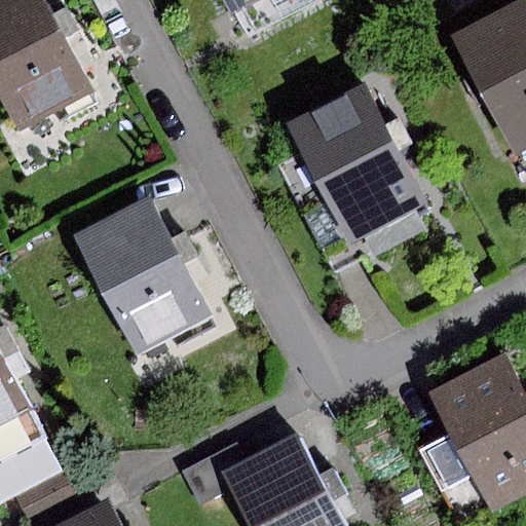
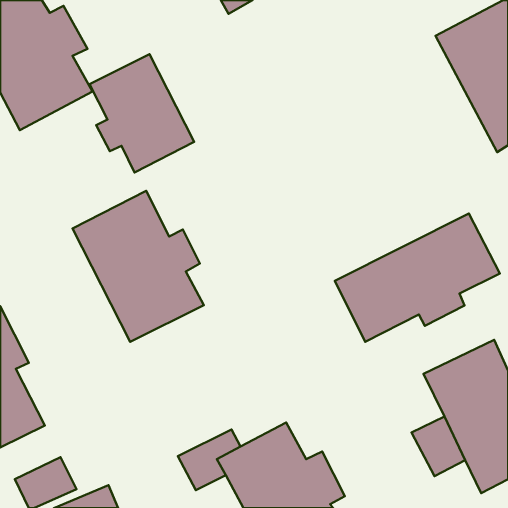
building: none -> [89,54,194,172]
building: [281,86,427,260] -> none
building: none -> [335,213,500,342]

